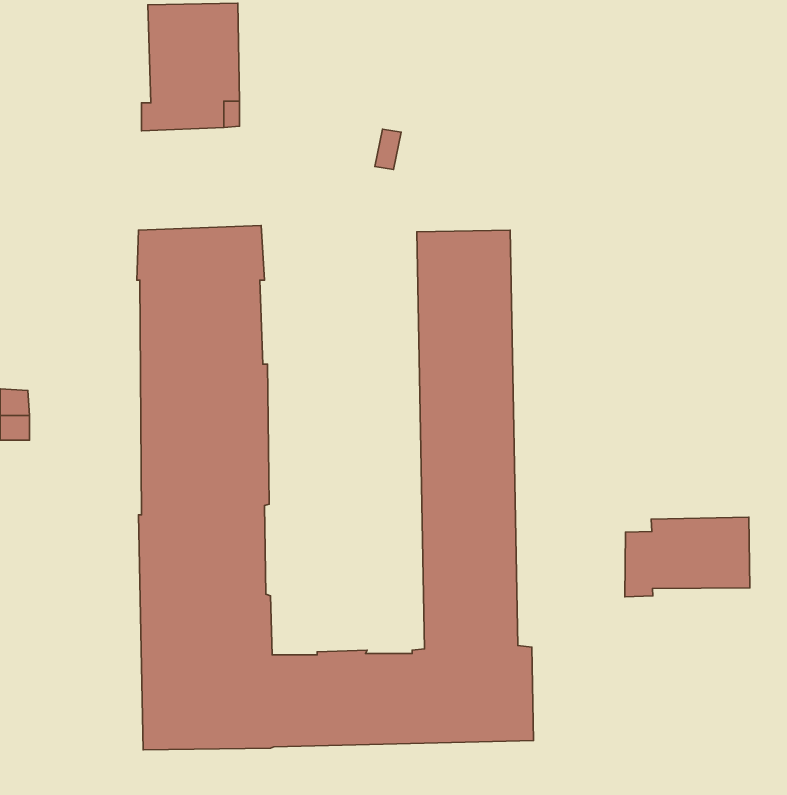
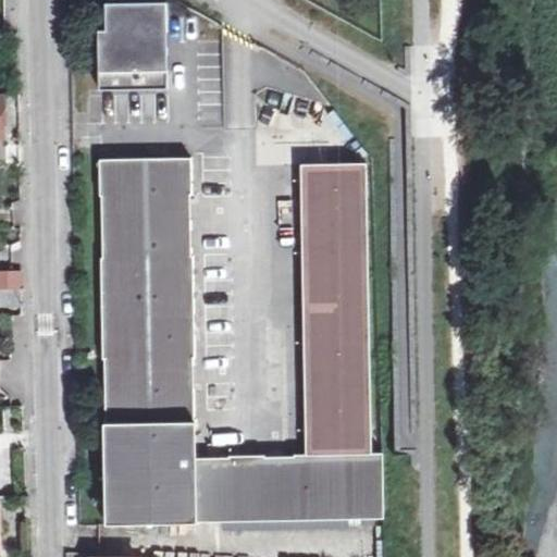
building: [625,517,750,597] -> none

